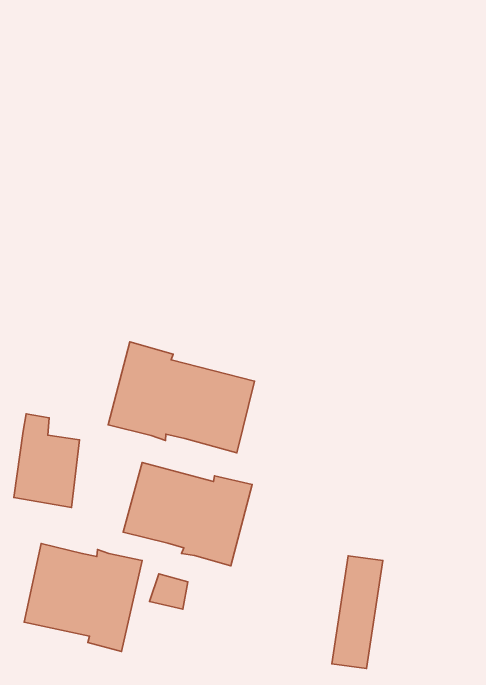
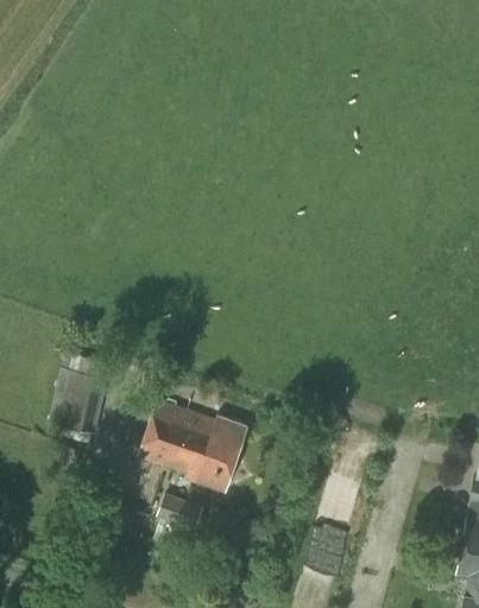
building: [108,342,254,453] -> none
building: [24,543,142,652] -> none

